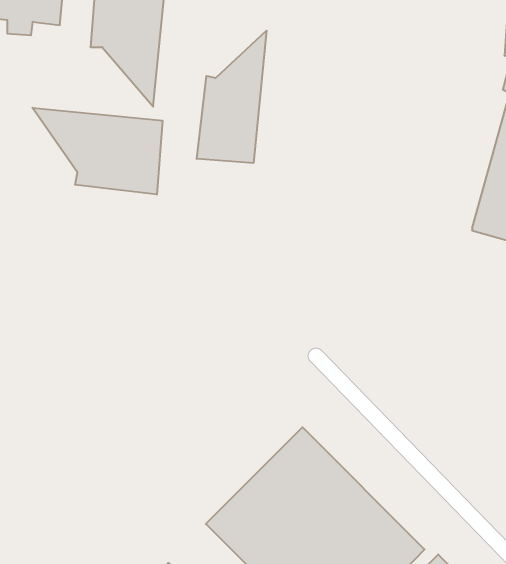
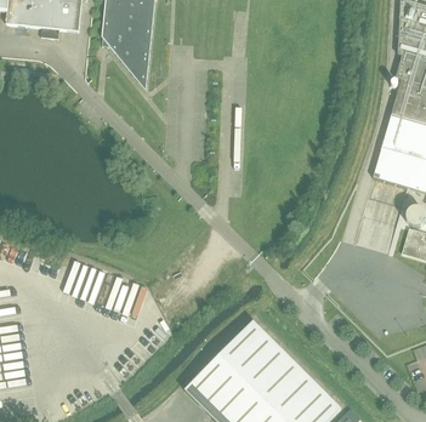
building: [197,31,267,163] -> none
building: [32,108,163,195] -> none

